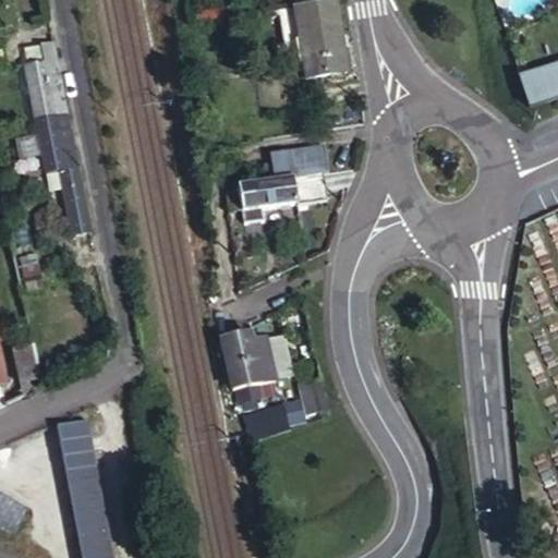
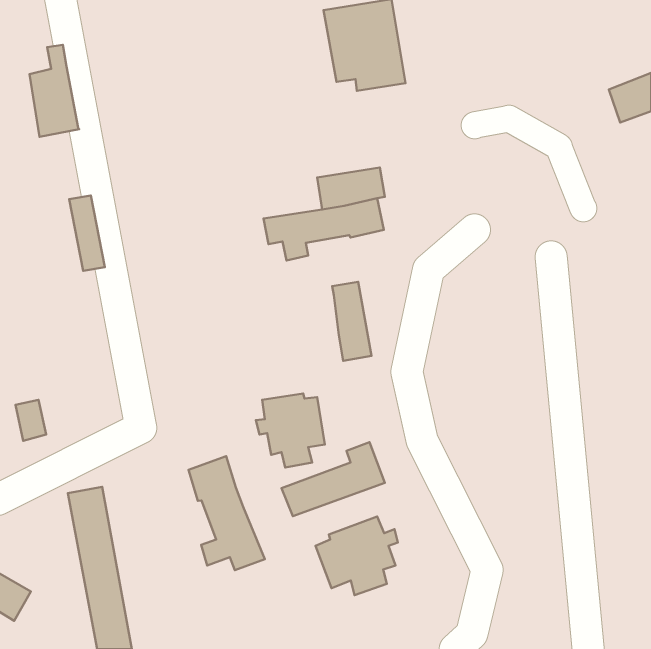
building: [34,110,77,172] -> none
building: none -> [332,282,372,361]
building: none -> [188,456,265,570]
building: none -> [316,516,398,595]

